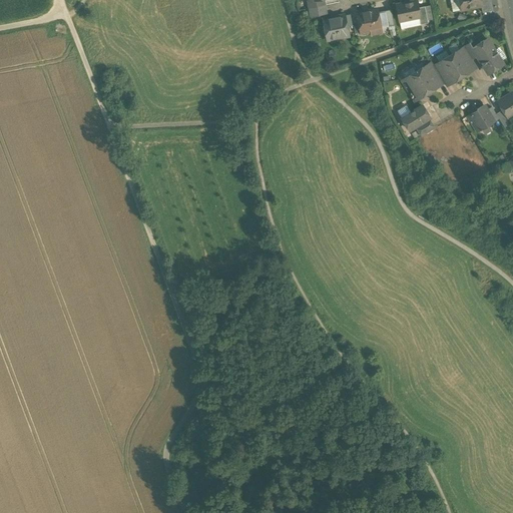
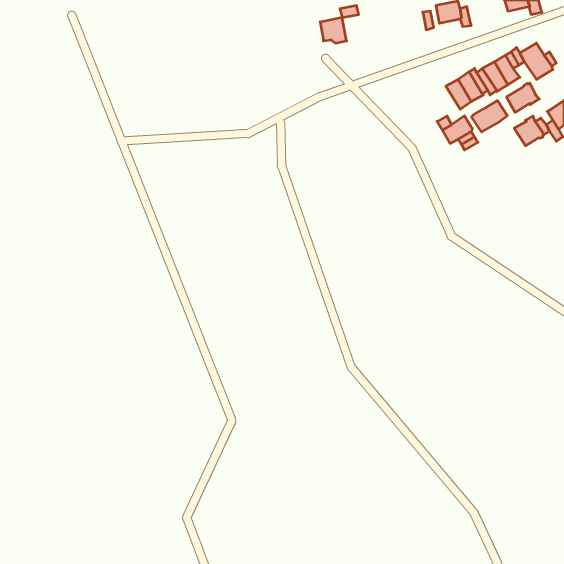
building: [357,10,380,32] -> none
building: [324,15,348,38] -> [320,18,347,43]
building: none -> [507,83,539,112]
building: none -> [472,101,507,132]

